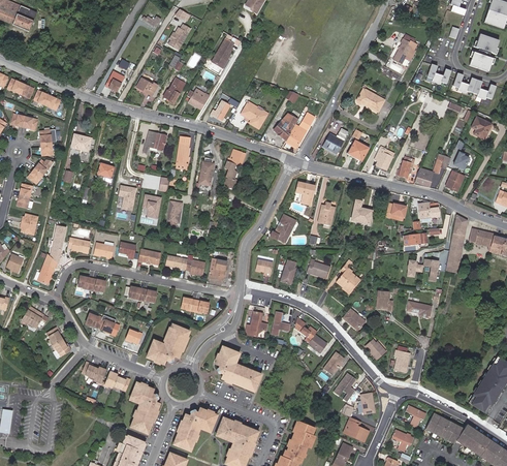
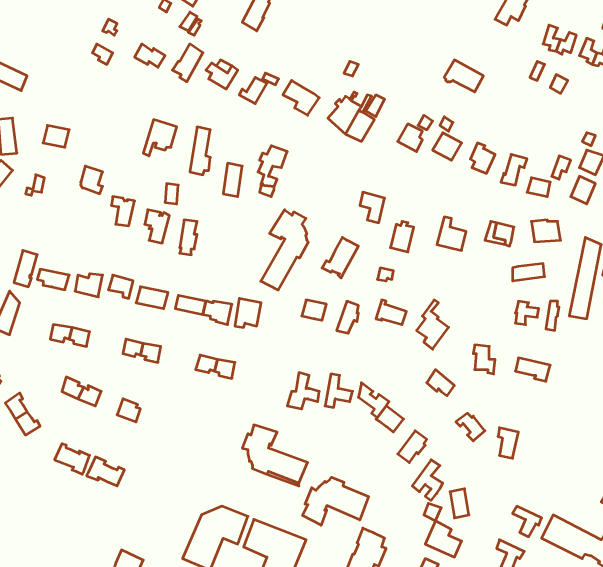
building: none -> [261,210,308,290]
building: [146,323,188,364] -> none
building: [127,379,159,433] -> none
building: none -> [303,477,369,525]

